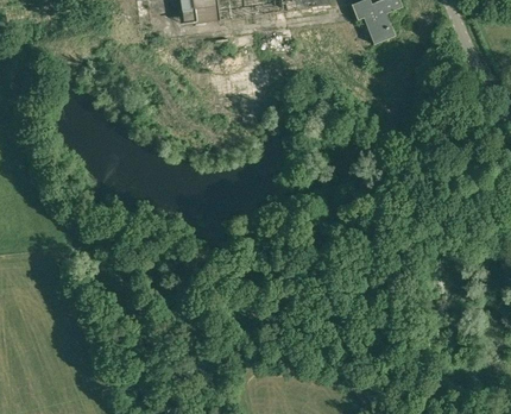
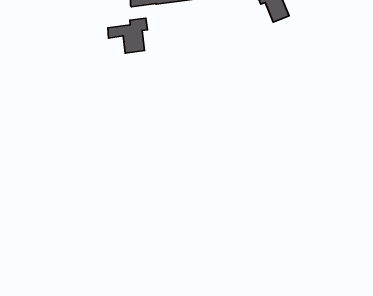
building: none -> [108,18,147,53]

